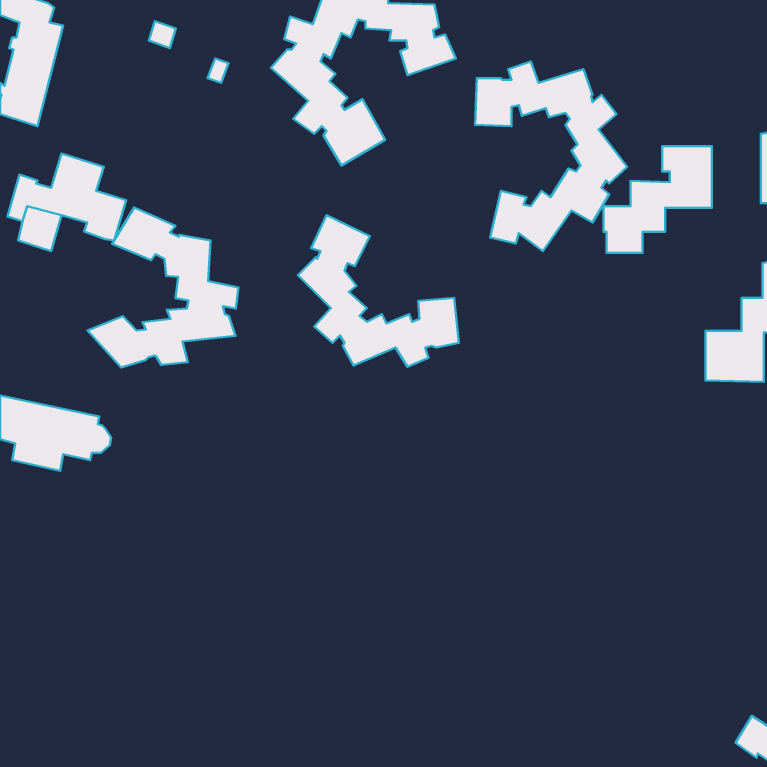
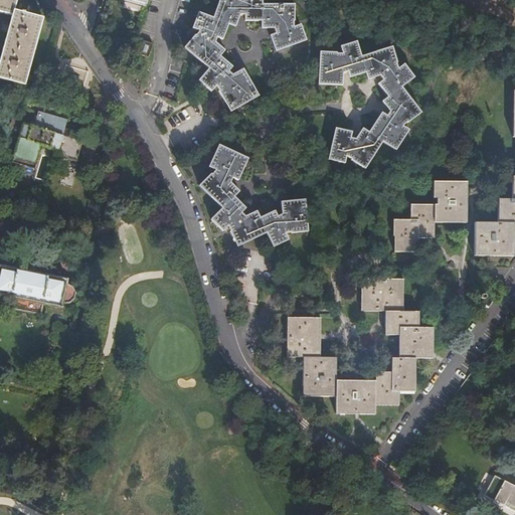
building: [604,146,712,253] -> [391,181,464,252]
building: [88,207,238,367] -> none
building: none -> [289,281,432,411]

